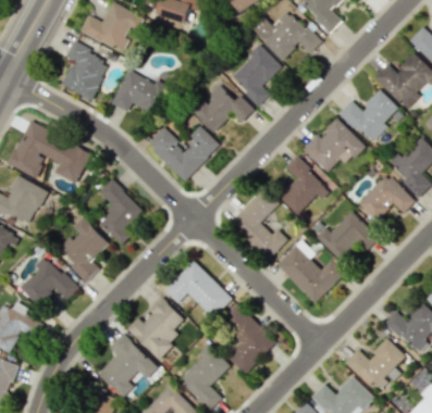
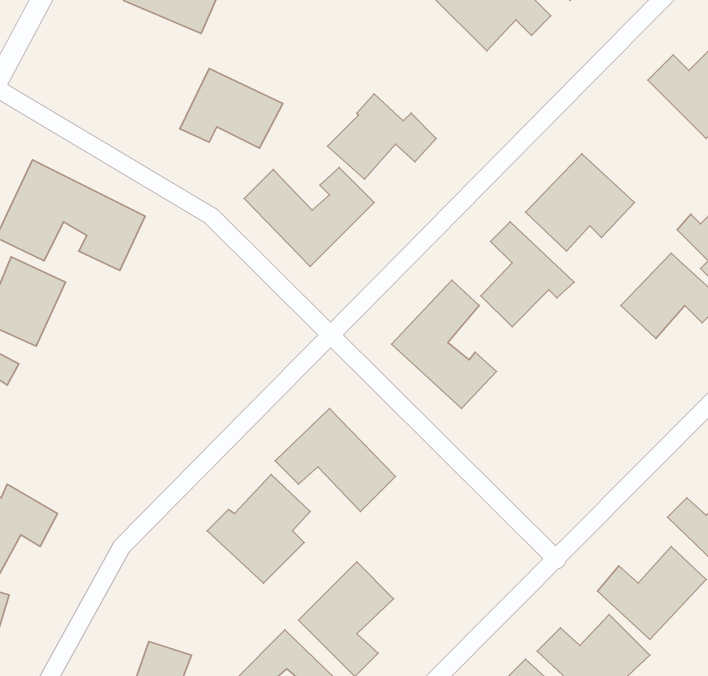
building: [61,42,110,100] -> none
building: [230,46,283,105] -> none
building: [338,90,398,143] -> none
building: [99,178,144,246] -> none
building: [316,212,379,263] -> none
building: [61,217,110,283] -> none
building: [276,240,345,303] -> none
building: [18,259,78,306] -> none
building: [219,303,276,374] -> none
building: [98,334,158,398] -> none

